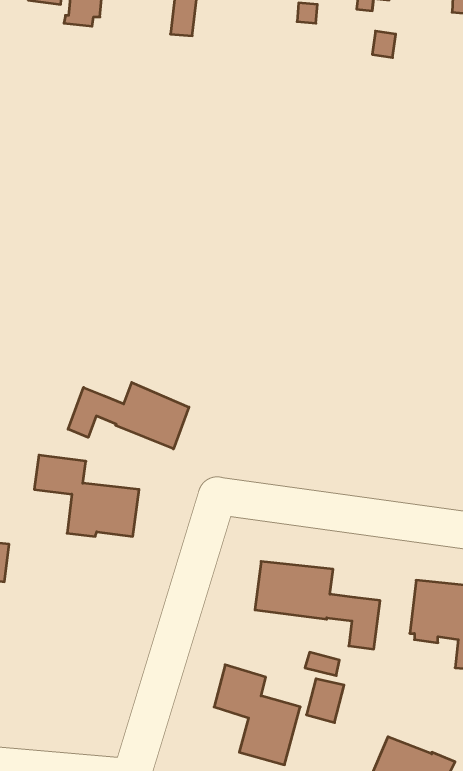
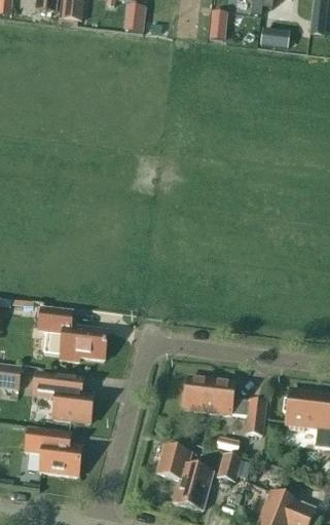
building: [68,382,189,449] -> none
building: none -> [34,373,94,421]
building: none -> [25,425,82,476]

